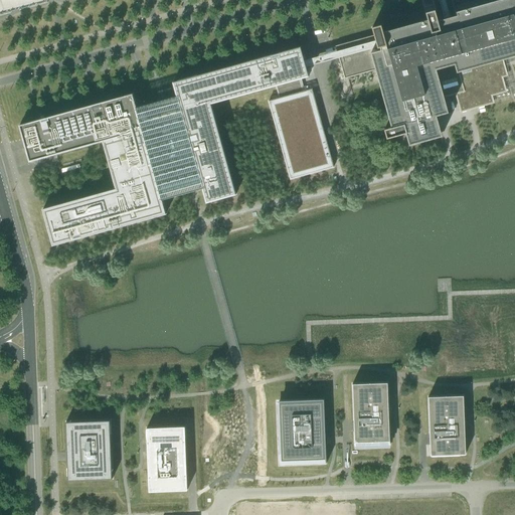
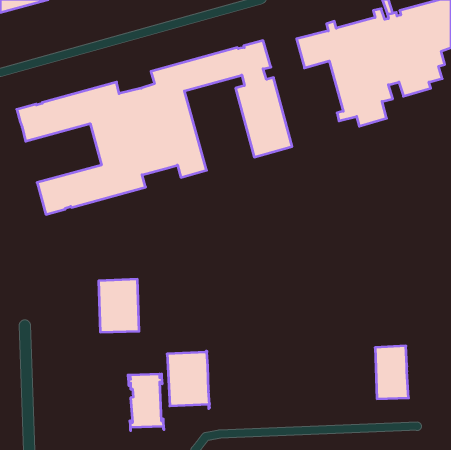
building: [352,382,389,446] -> none
building: [278,398,326,464] -> [167,351,210,409]
building: [65,419,112,480] -> [99,279,139,332]

